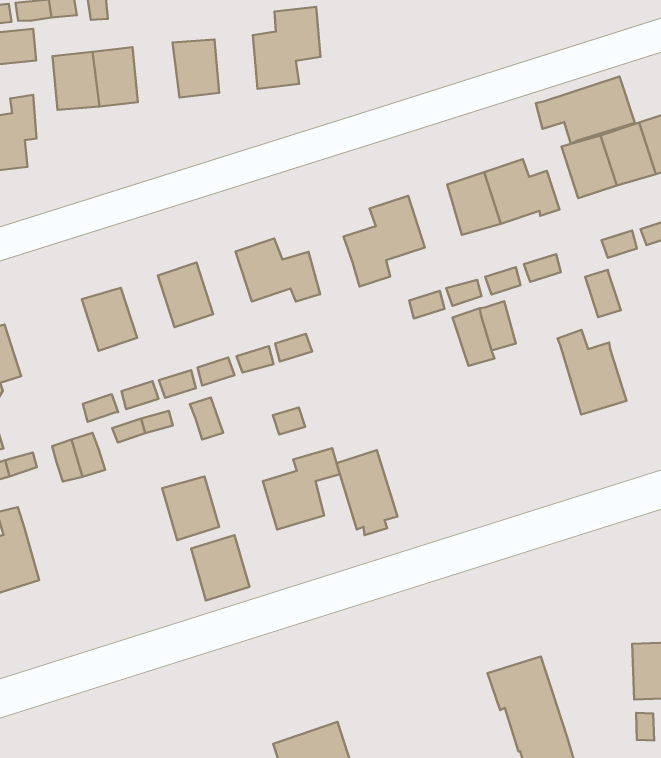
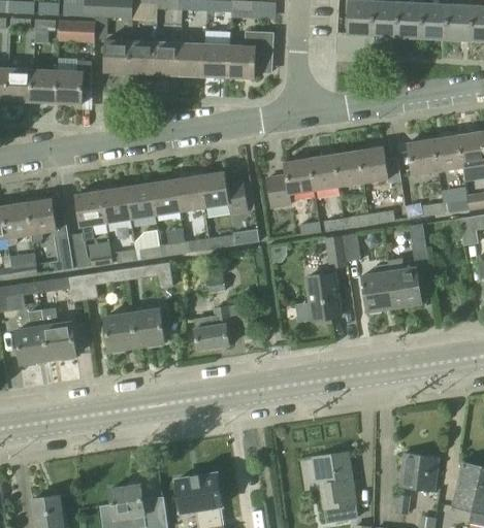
building: none -> [203,44,229,78]
building: none -> [153,41,180,76]
building: [536,76,635,144] -> none
building: none -> [309,155,337,191]
building: none -> [173,175,203,211]
building: none -> [125,183,154,219]
building: none -> [74,190,105,239]
building: none -> [361,263,393,311]
building: none -> [50,234,72,271]
building: [337,450,397,535] -> [305,271,337,322]
building: none -> [41,308,75,357]
building: [191,535,250,601] -> [103,312,135,350]

